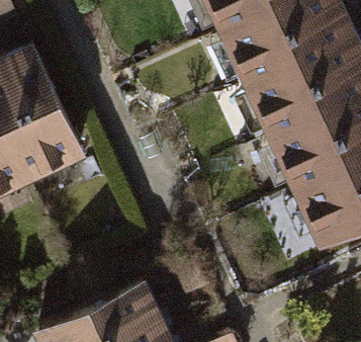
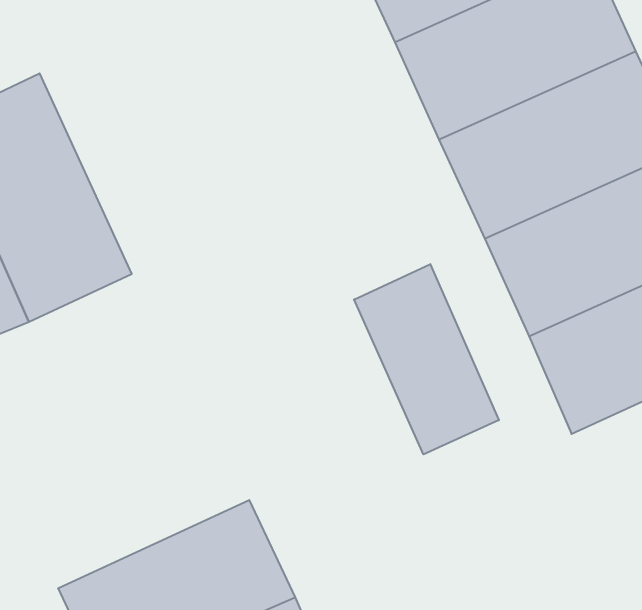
building: none -> [354,264,499,454]

